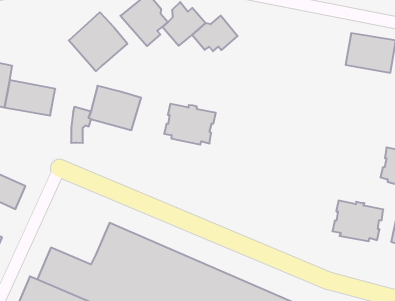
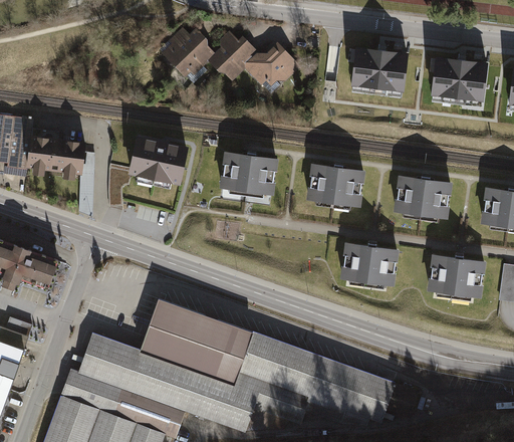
building: [69,12,127,71] -> none
building: none -> [348,43,407,87]
building: none -> [305,163,365,210]
building: none -> [394,176,453,222]
building: none -> [339,242,399,288]

